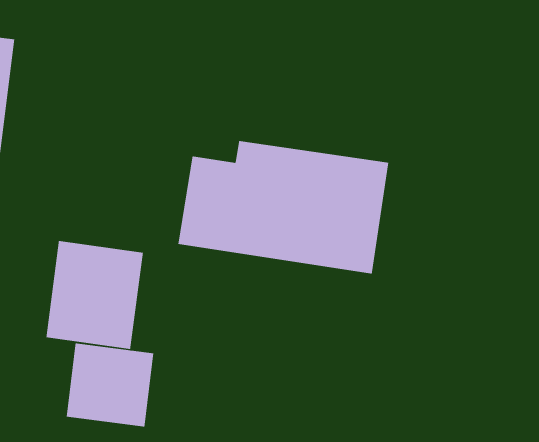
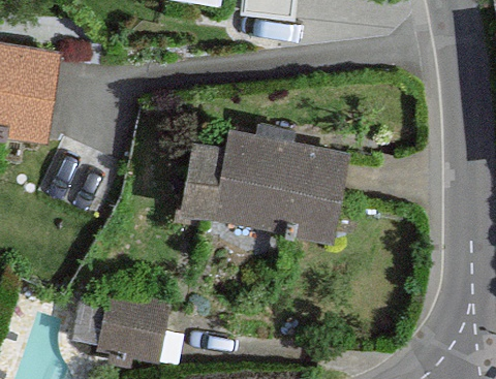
building: [46,240,143,350] -> none

